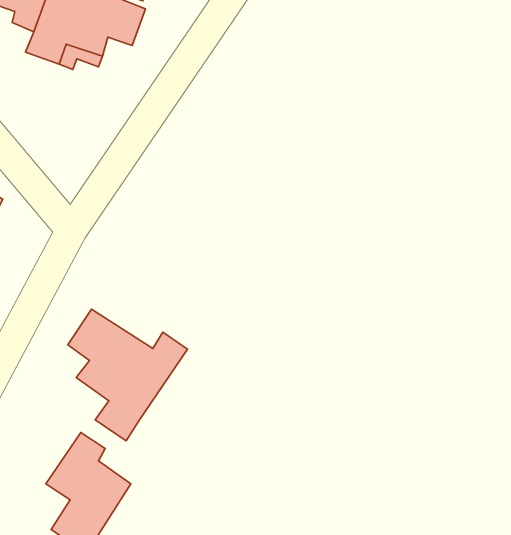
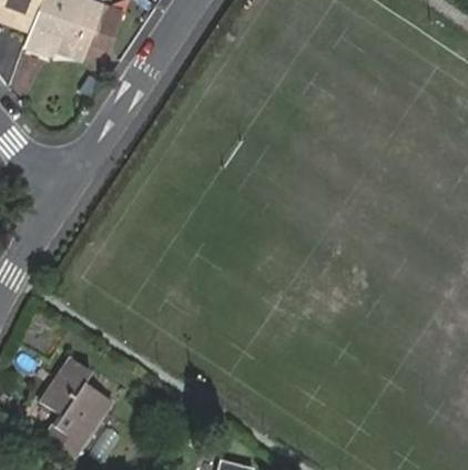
building: [68,309,187,441] -> none

